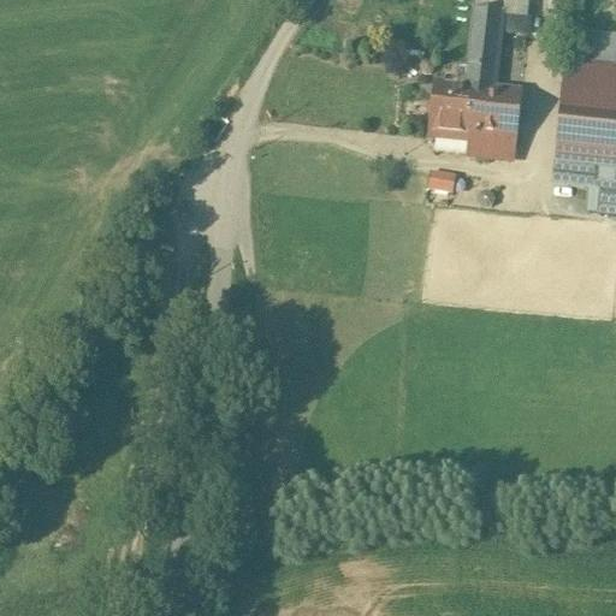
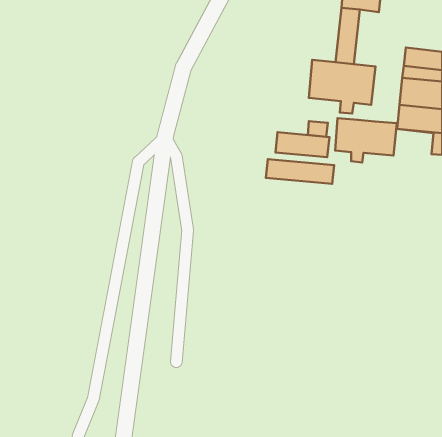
building: none -> [335,118,397,162]
building: none -> [275,132,329,157]
building: none -> [266,159,334,184]

